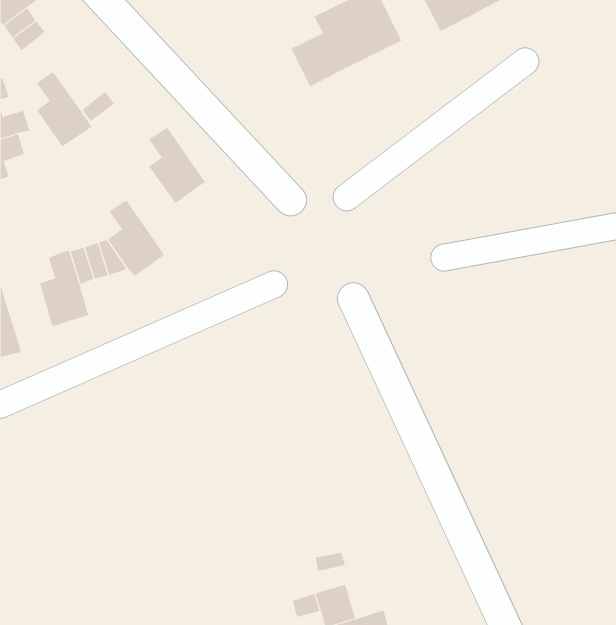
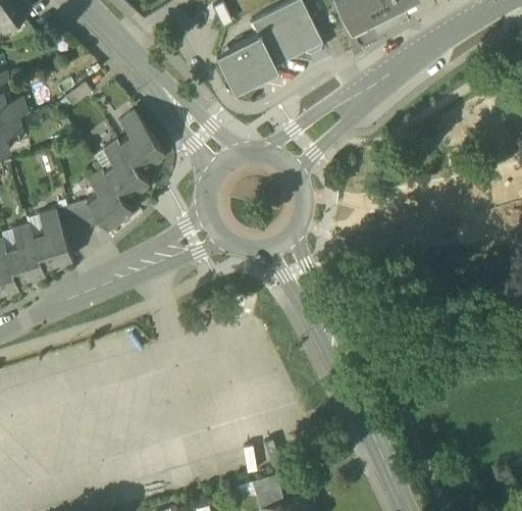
building: none -> [216,48,277,92]
building: [36,72,93,147] -> [103,140,148,200]
building: none -> [5,223,44,284]

